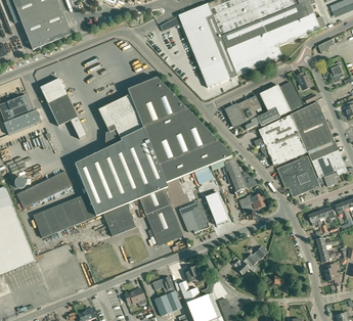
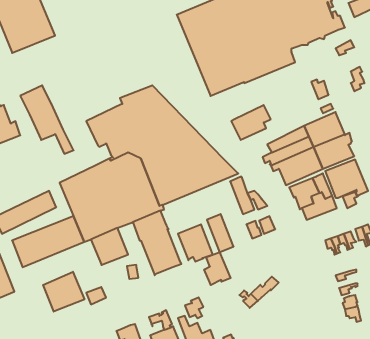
building: [244,81,301,128] -> none
building: none -> [204,252,231,285]
building: none -> [43,272,84,312]

